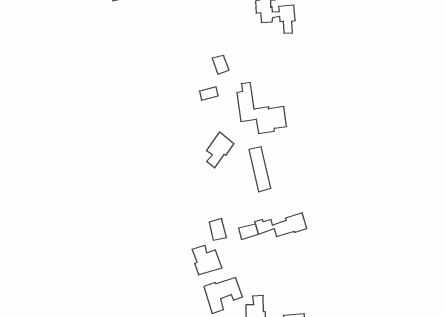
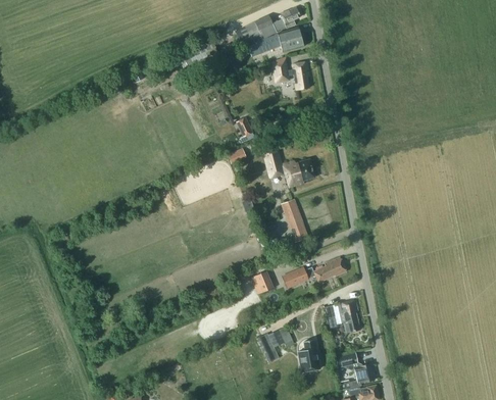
building: [207,132,234,168] -> none
building: [192,245,222,275] -> none
building: none -> [325,300,359,333]

